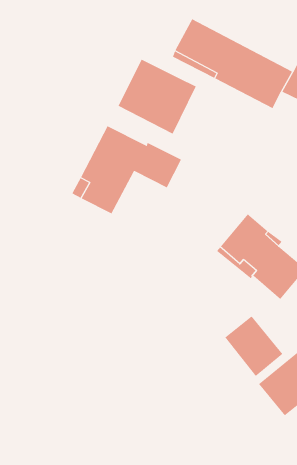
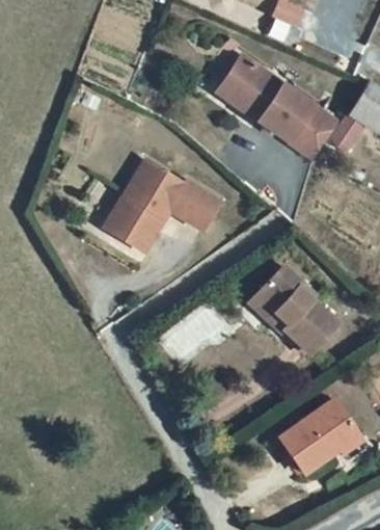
building: [118,59,197,135] -> none
building: [224,315,283,377] -> none

